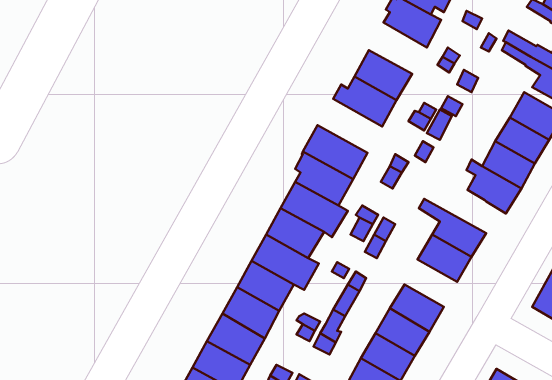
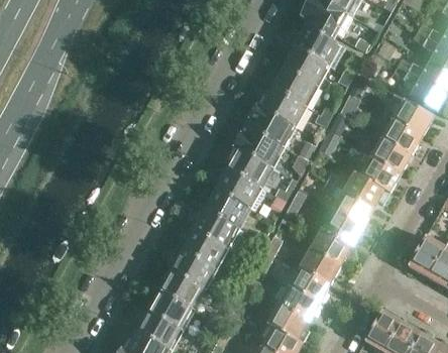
building: none -> [285,45,329,85]
building: none -> [245,104,295,145]
building: none -> [327,170,389,207]
building: none -> [312,227,352,263]

